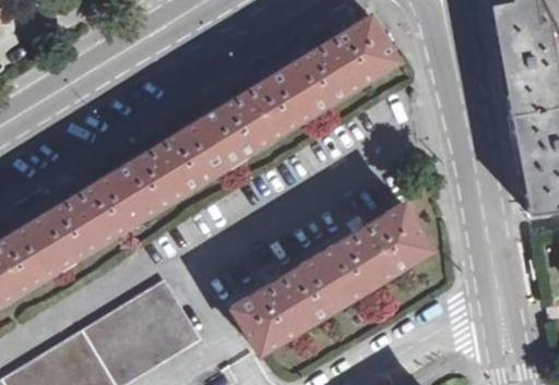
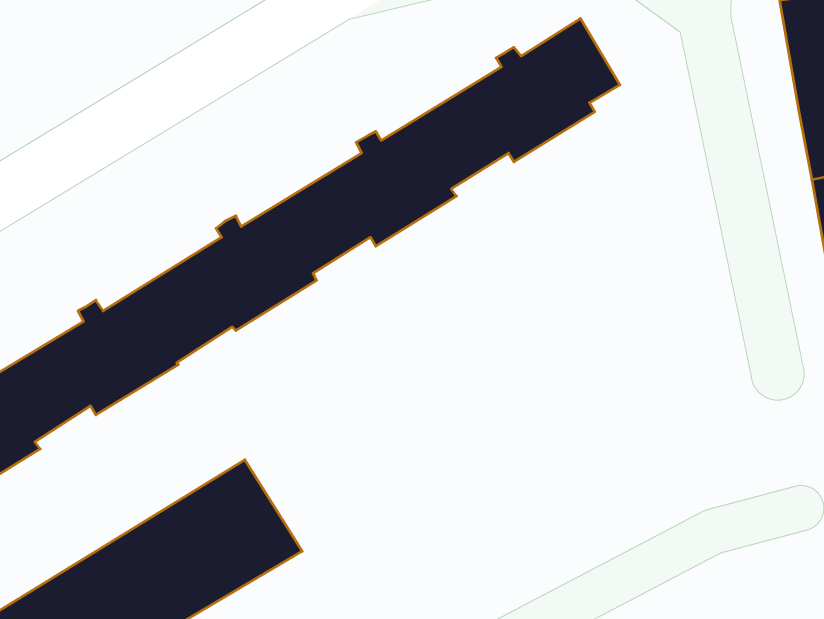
building: [233,203,429,347] -> none

